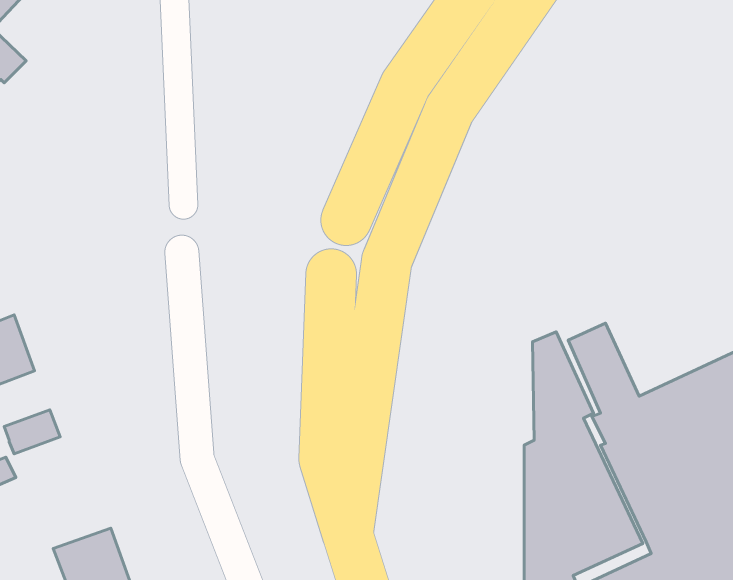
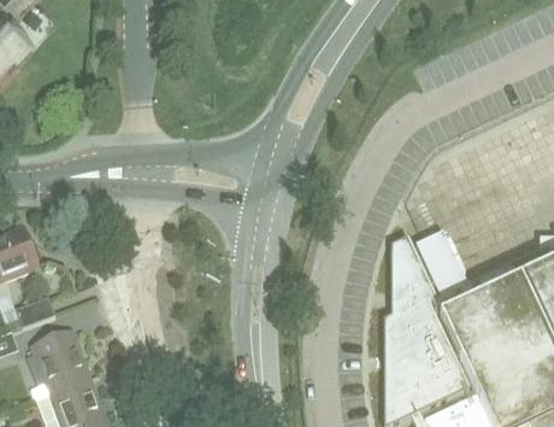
building: none -> [33,333,92,396]

